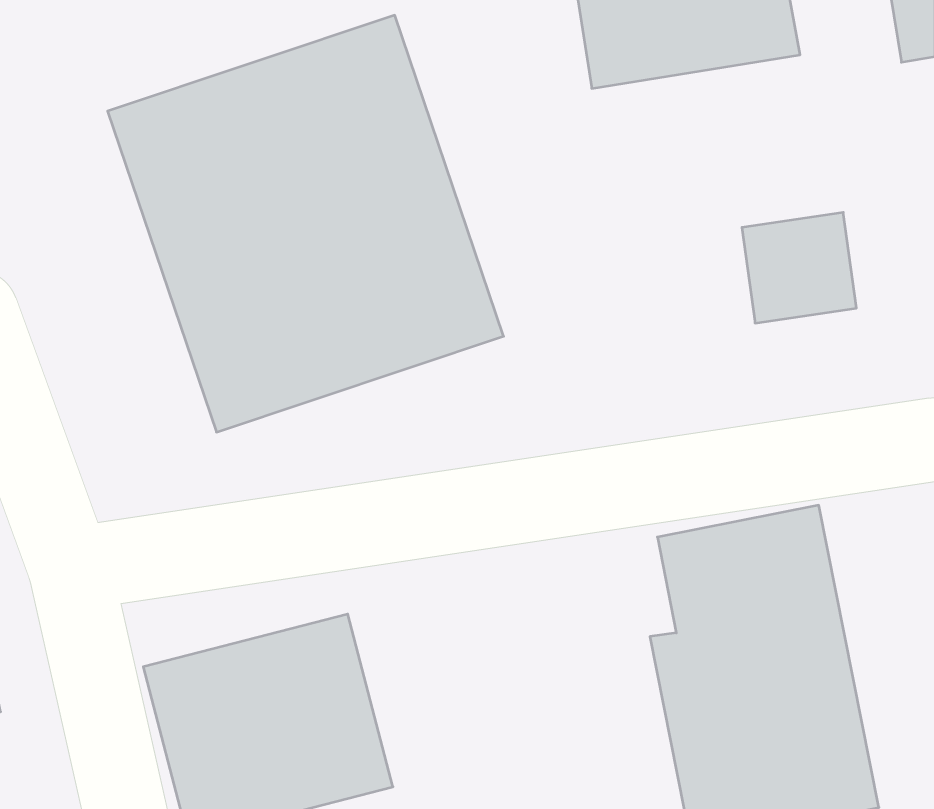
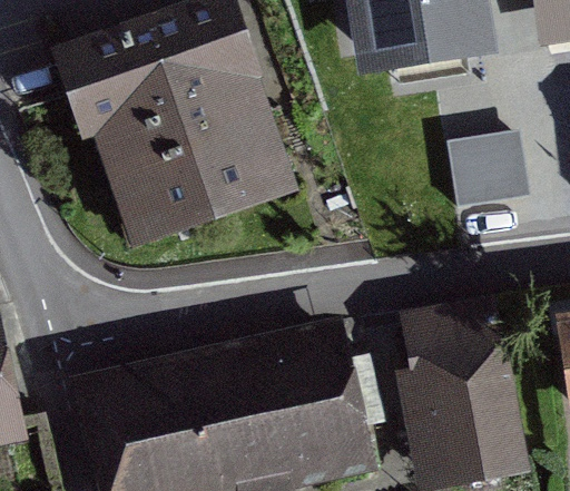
building: none -> [215,337,363,471]

